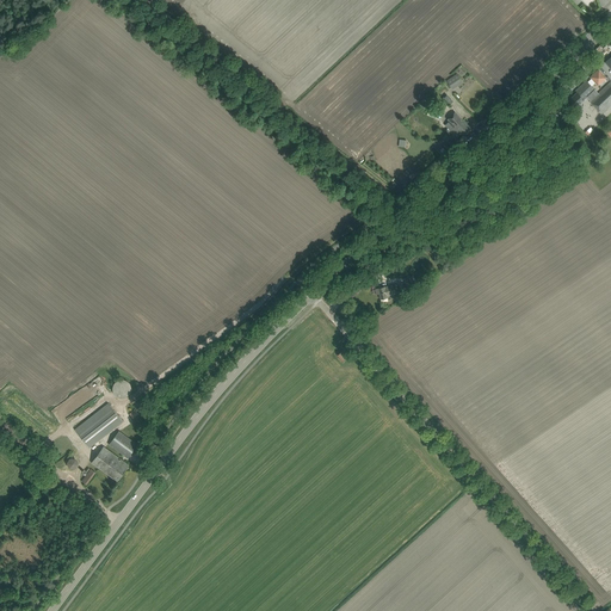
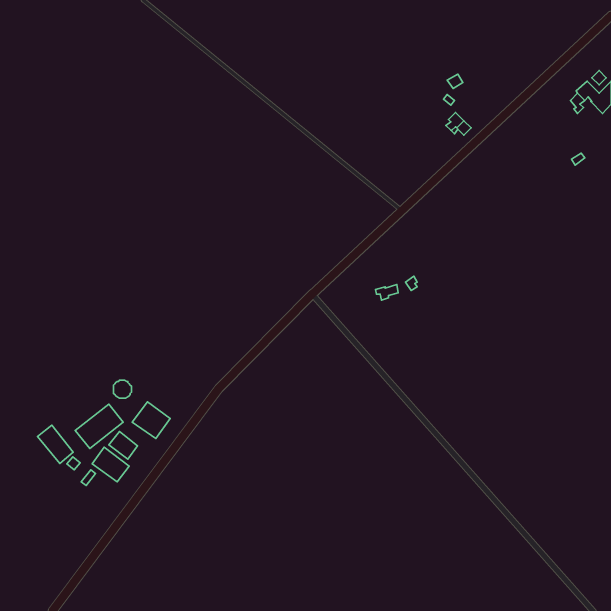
building: none -> [132,402,170,439]
building: none -> [37,425,73,464]

